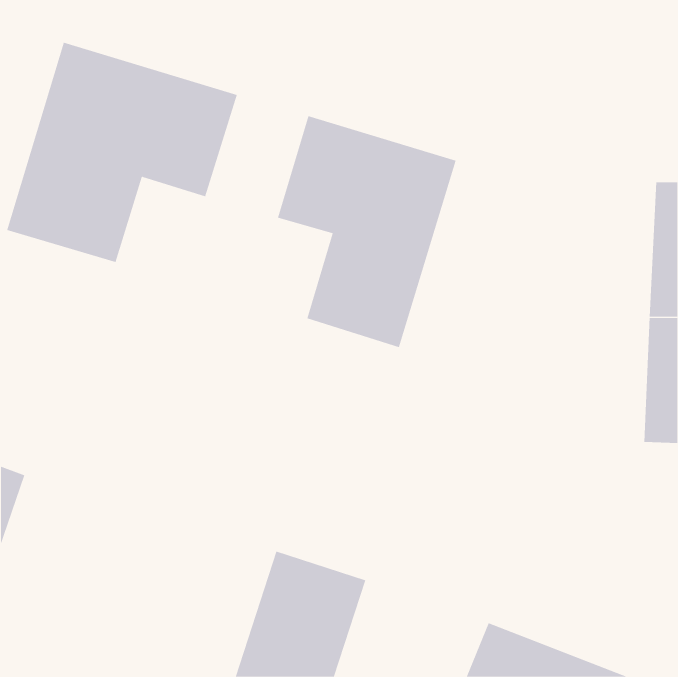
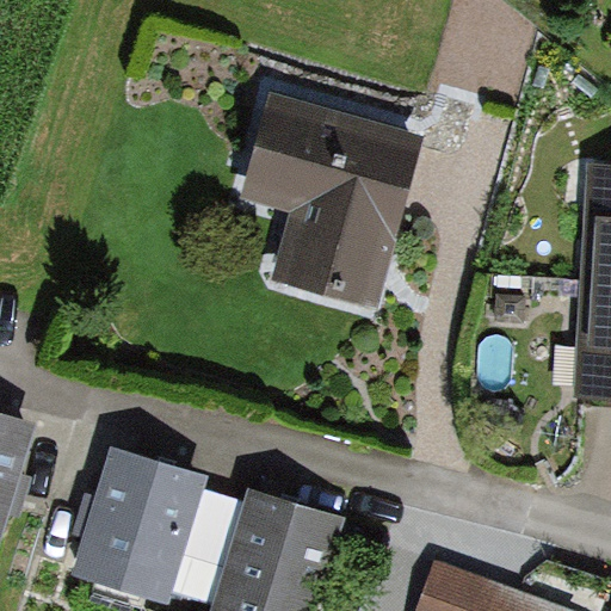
building: [6,42,237,263] -> none
building: none -> [75,453,195,598]

